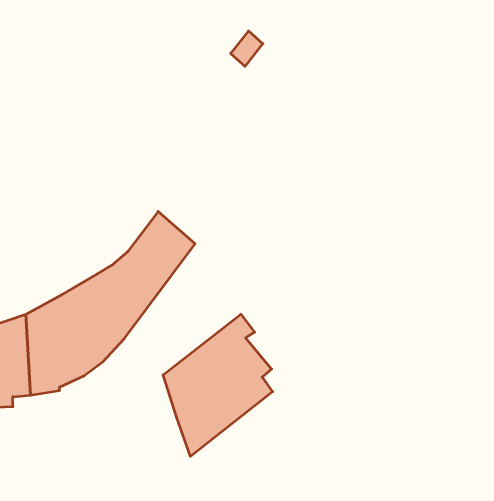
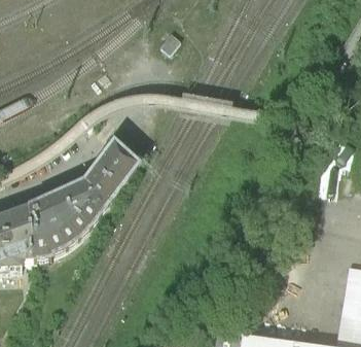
building: [163,314,273,456] -> none

